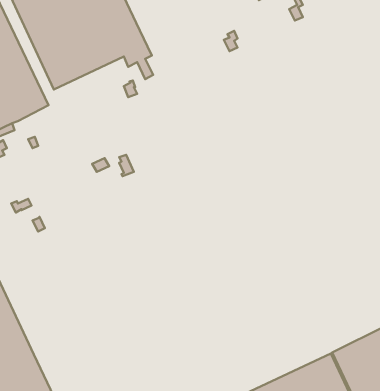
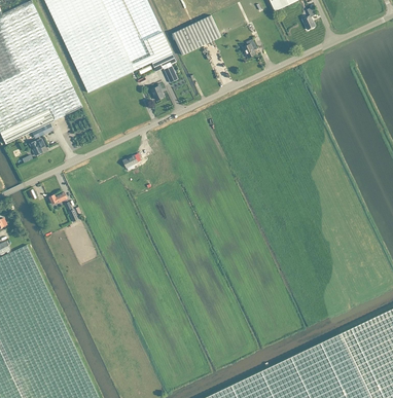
building: none -> [172,15,221,56]

